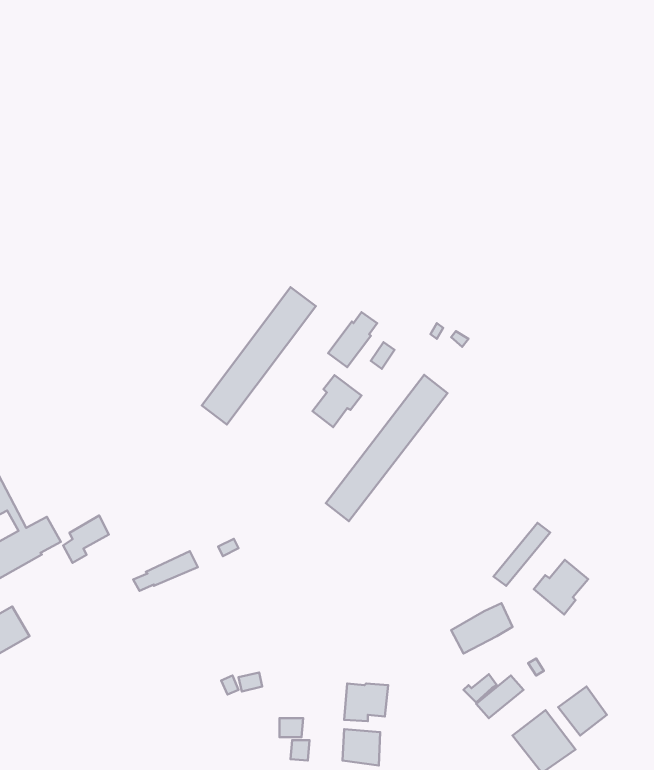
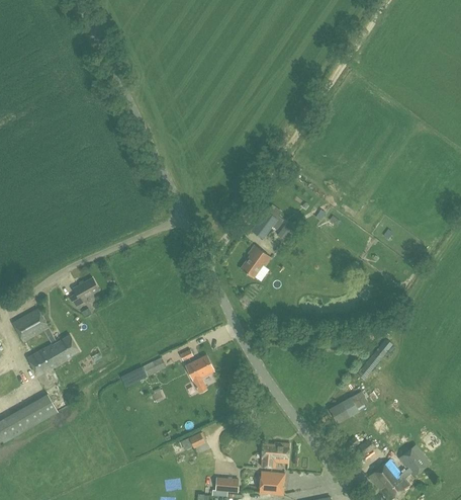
building: [202,287,316,425] -> none
building: [326,375,447,521] -> none
building: [63,516,109,563] -> [69,277,98,308]
building: none -> [185,354,213,393]
building: [534,560,588,614] -> none

